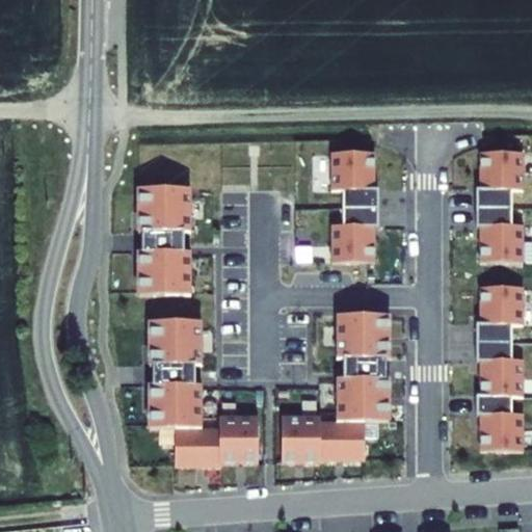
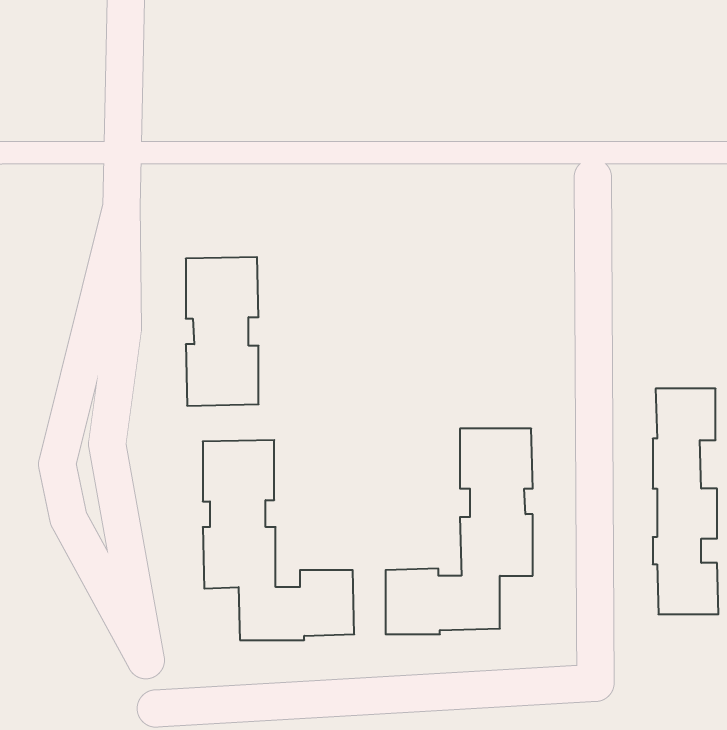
building: [475,148,523,258] -> none
building: [330,149,377,260] -> none

